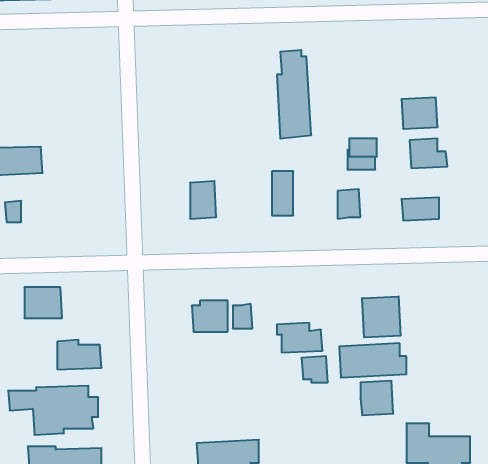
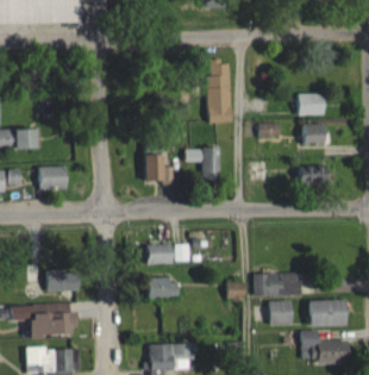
building: [24,287,62,318] -> [42,165,69,188]
building: [362,296,401,337] -> none
building: [277,323,323,352] -> [145,276,179,298]
building: none -> [309,299,345,326]

